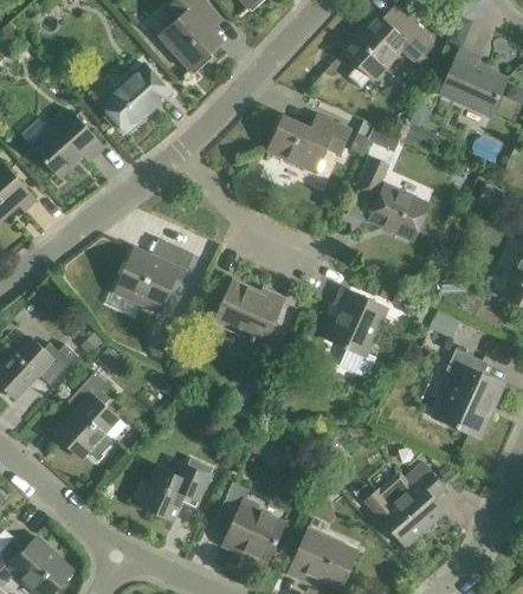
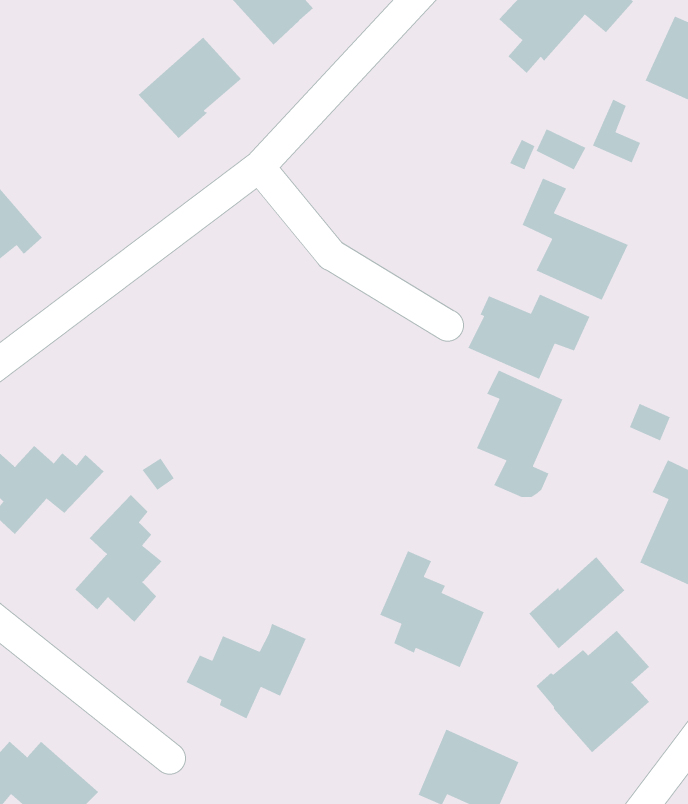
building: [31,111,104,177] -> none
building: [267,115,350,173] -> [467,294,590,380]
building: [116,241,193,314] -> none
building: [212,279,284,346] -> none
building: none -> [528,556,626,650]
building: [213,482,284,561] -> [379,550,485,668]

